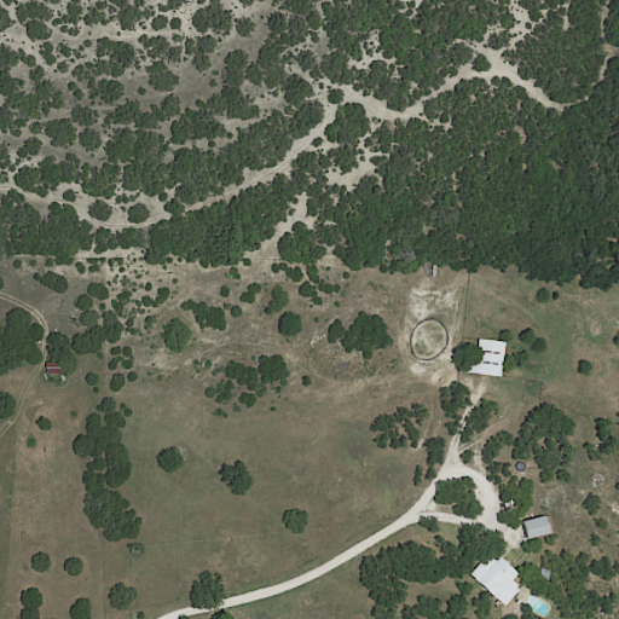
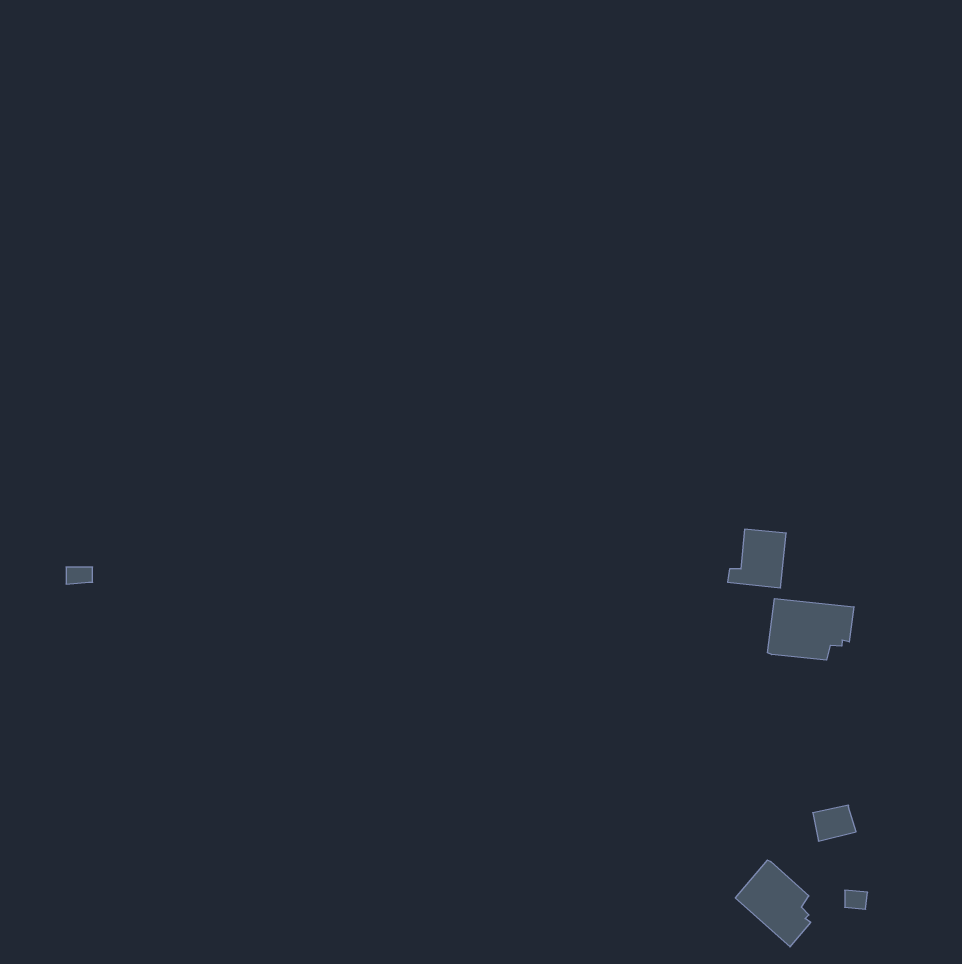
building: none -> [767,599,854,660]

